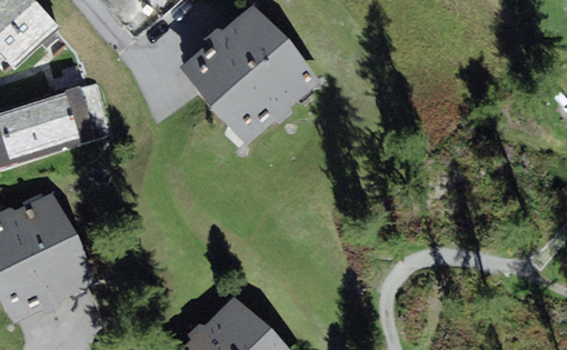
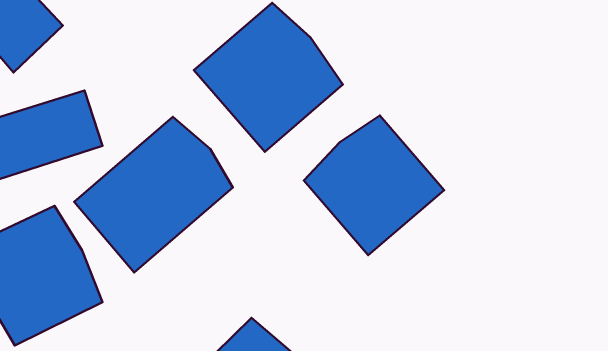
building: none -> [304,116,444,255]
building: none -> [74,117,233,273]

